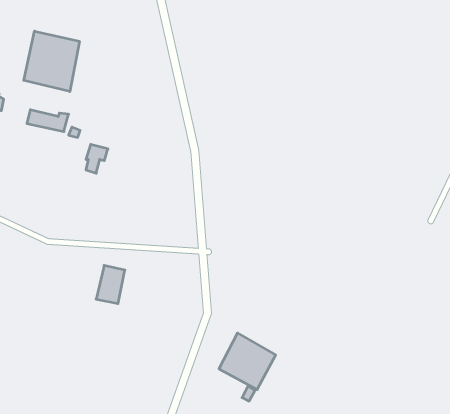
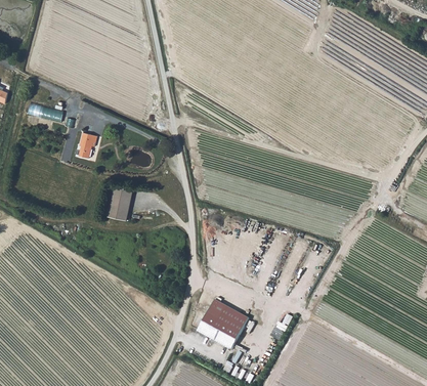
building: [24,31,79,92] -> none
building: [96,265,125,304] -> [109,187,134,221]

